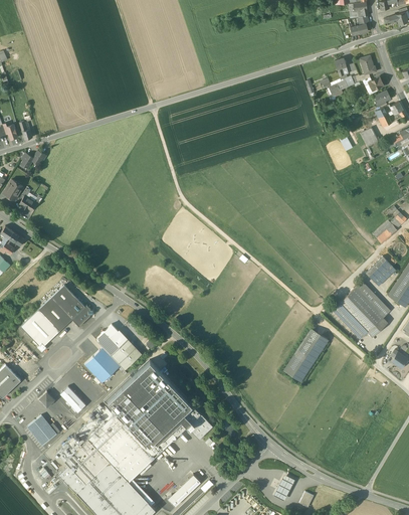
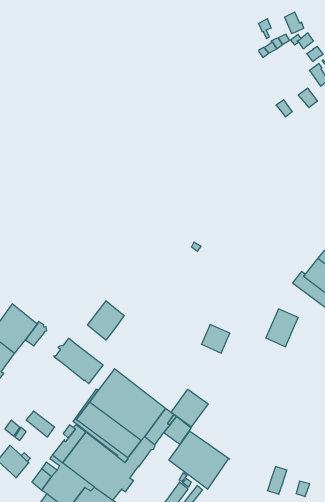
building: none -> [88,301,124,340]
building: [84,346,120,382] -> none
building: [283,353,312,381] -> [201,324,230,353]
building: none -> [171,389,208,427]
building: none -> [169,431,230,489]

